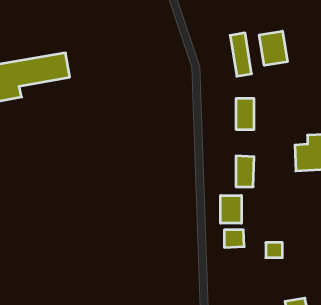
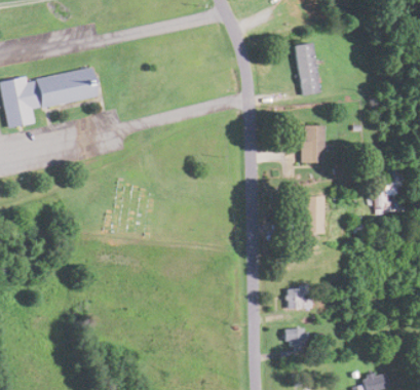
building: [259,31,287,65] -> none
building: [221,195,241,223] -> none
building: [266,243,282,258] -> [288,329,308,348]

